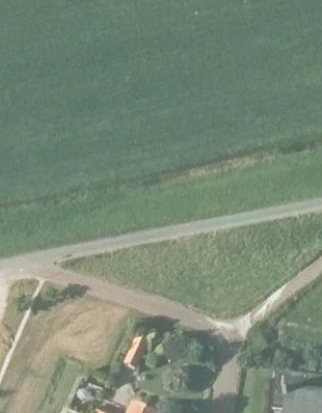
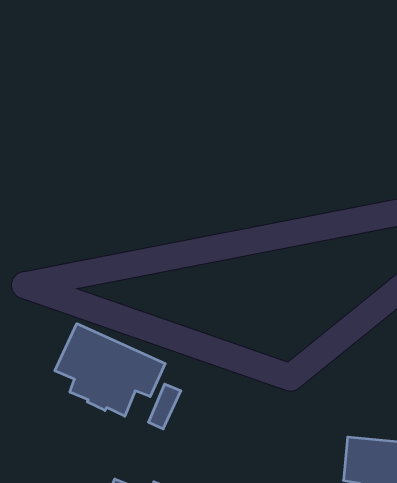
building: none -> [55,324,165,416]

